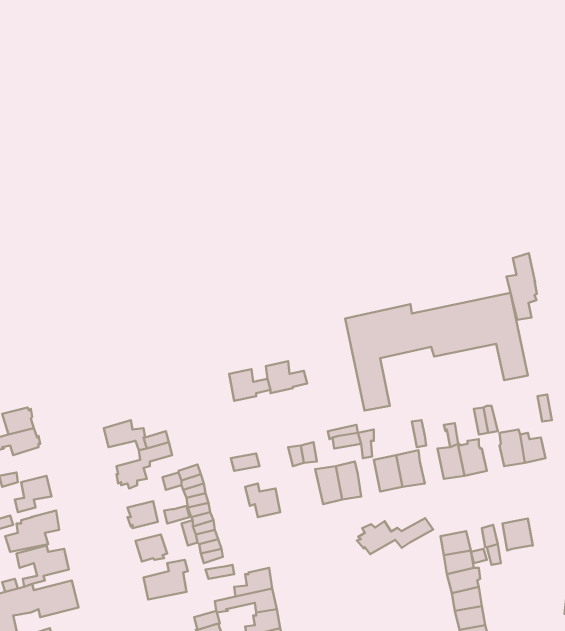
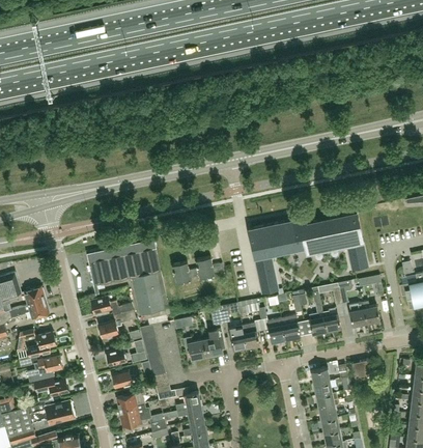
building: [506,253,537,320] -> none
building: none -> [90,241,171,321]
building: none -> [203,330,224,357]
building: [357,518,433,554] -> none
building: none -> [120,409,151,428]

